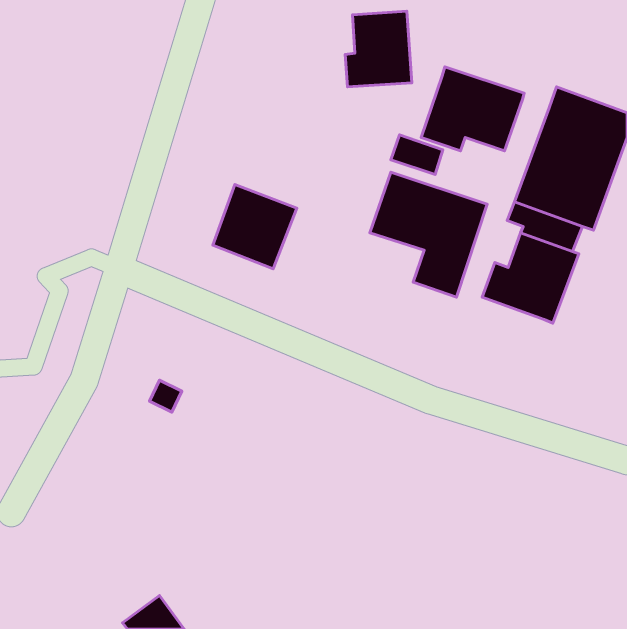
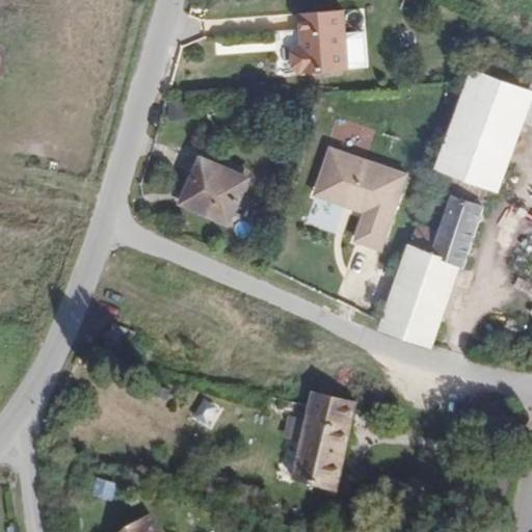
building: [421,67,524,151] -> none
building: none -> [376,249,457,347]
building: none -> [291,396,356,494]

